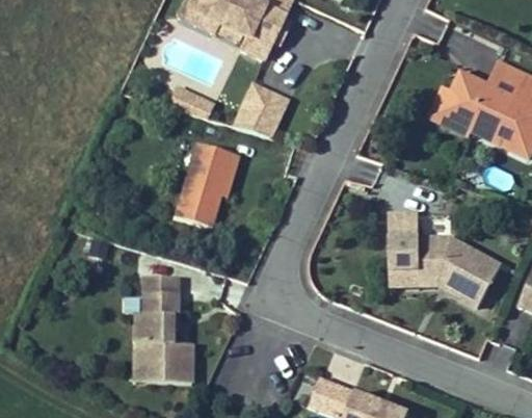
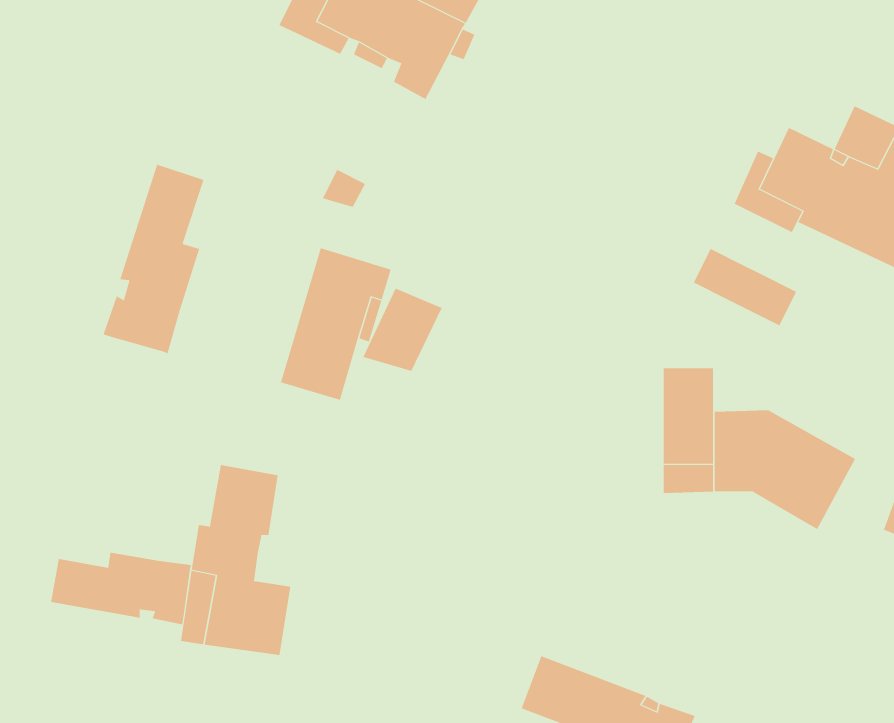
building: [243,89,289,137] -> [362,288,443,372]
building: none -> [103,164,204,354]
building: none -> [693,248,797,326]
building: none -> [50,552,192,625]

